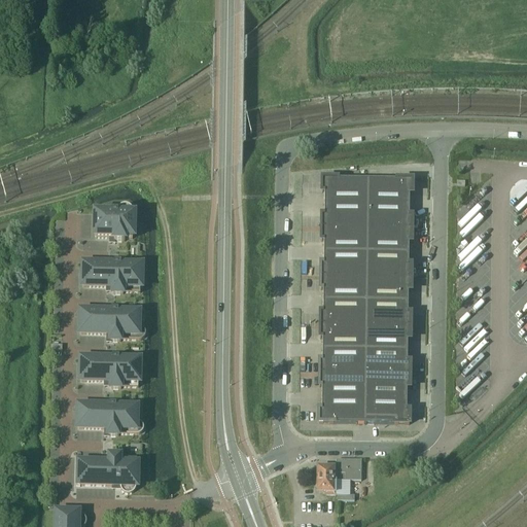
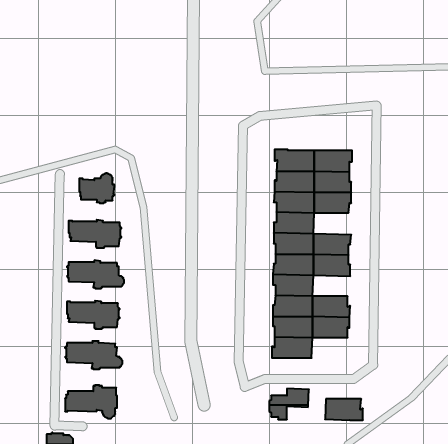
building: [368,249,413,275] -> none
building: [367,322,412,347] -> none
building: [366,395,411,420] -> [325,399,363,420]

